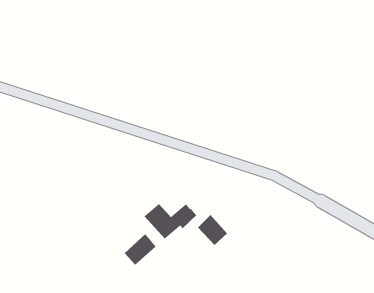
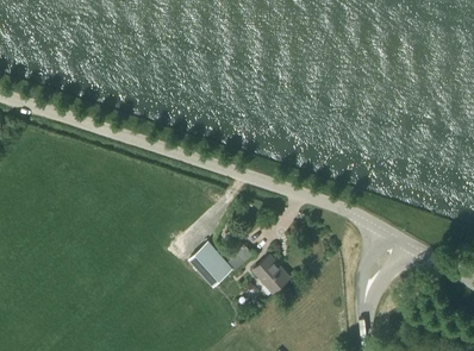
building: [124,233,156,265] -> none

